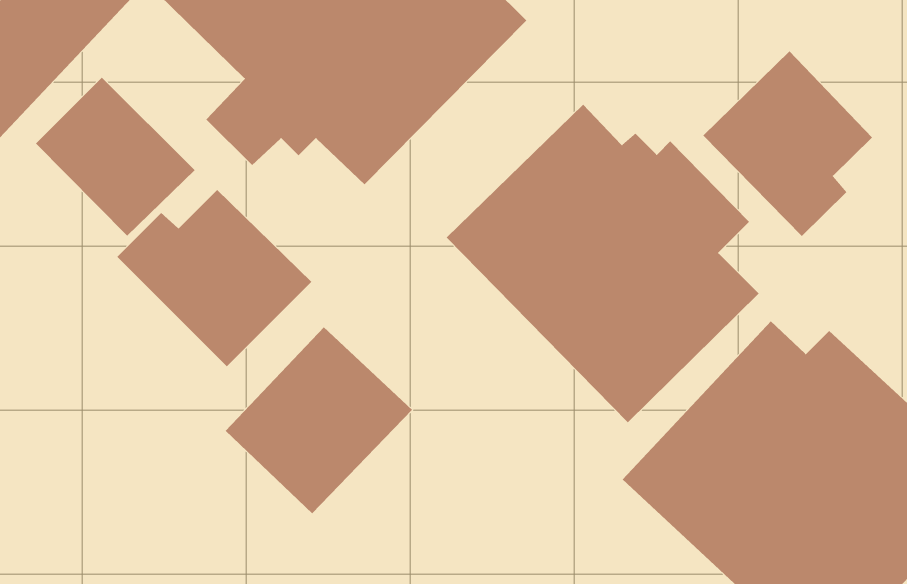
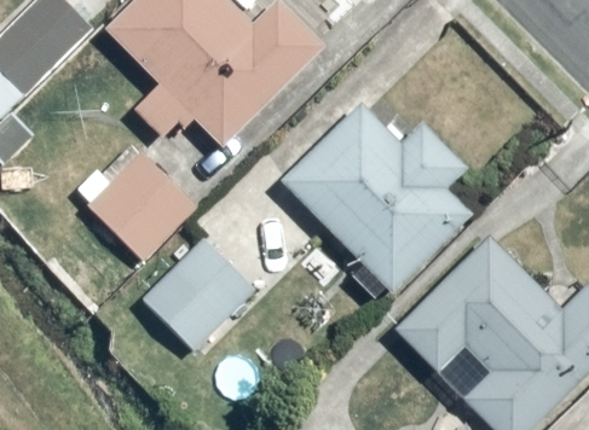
building: [703,50,873,237] -> none
building: [35,77,195,237] -> none

